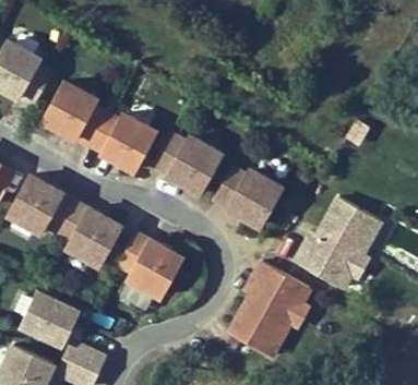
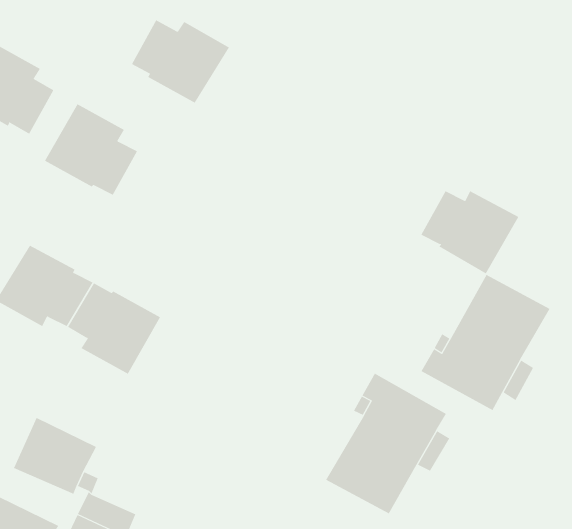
building: [88,116,154,171] -> [131,20,230,103]
building: [154,136,218,192] -> none
building: [215,169,280,225] -> [421,190,519,274]
building: [118,234,180,297] -> none

